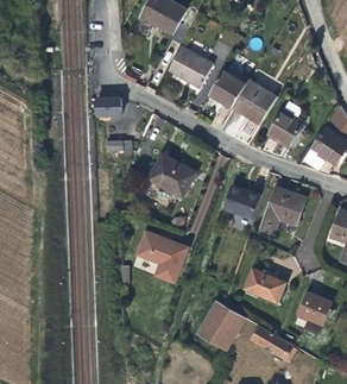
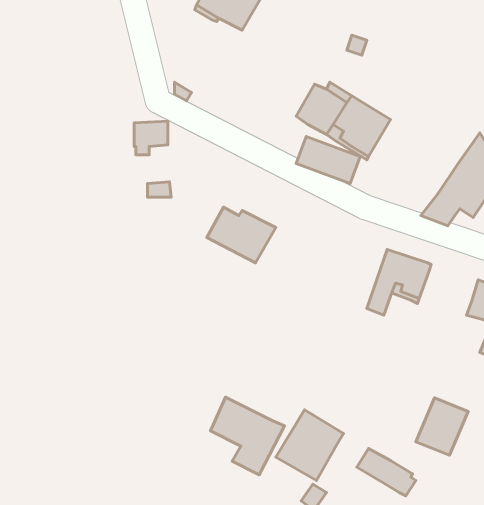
building: [166,46,213,88] -> none
building: [267,102,304,145] -> none
building: [223,185,260,219] -> none
building: [134,233,187,288] -> [210,397,285,475]
building: [244,269,285,302] -> none

